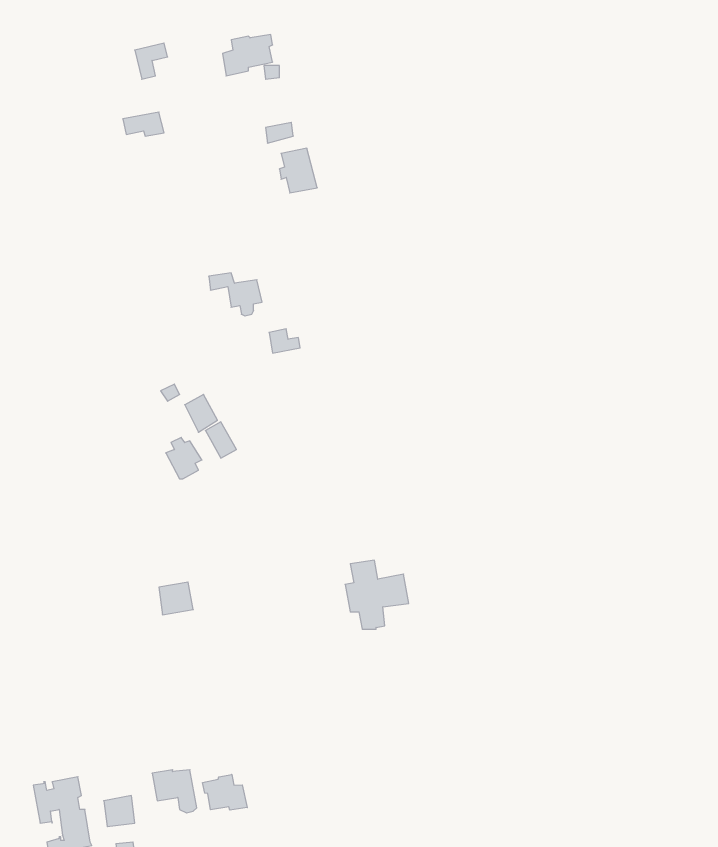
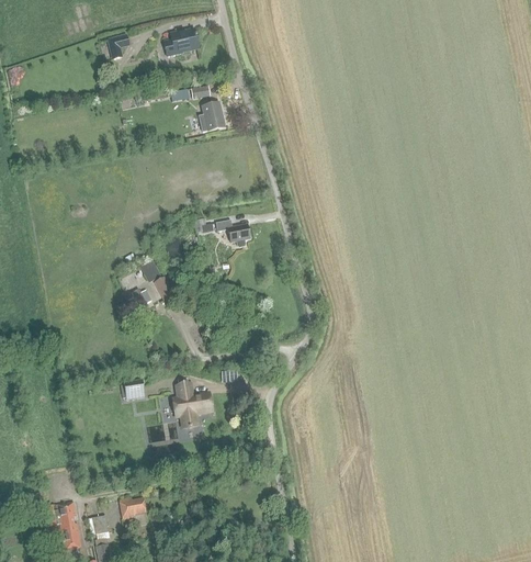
building: [209,273,262,316] -> [216,220,250,247]
building: [345,560,409,629] -> [172,383,213,427]
building: [203,774,247,810] -> none

